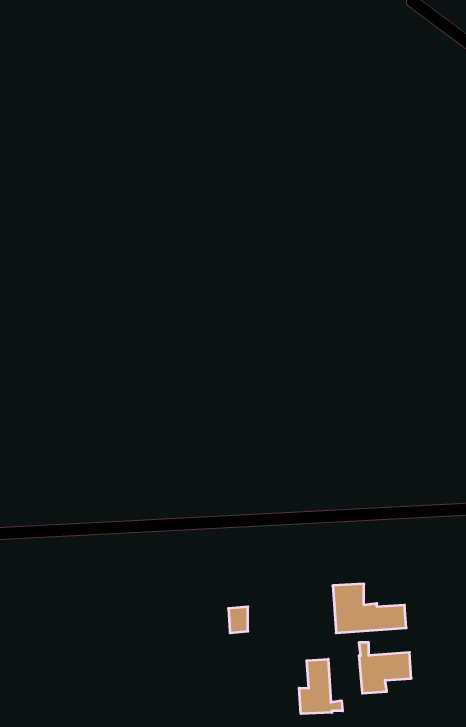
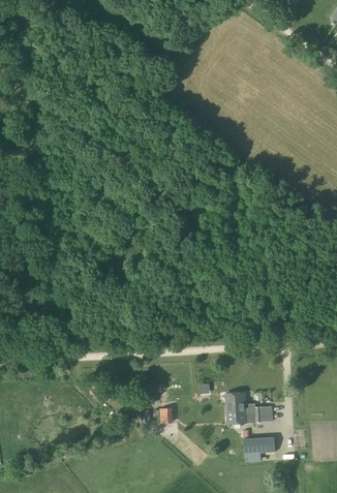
building: [299,659,343,714] -> none

